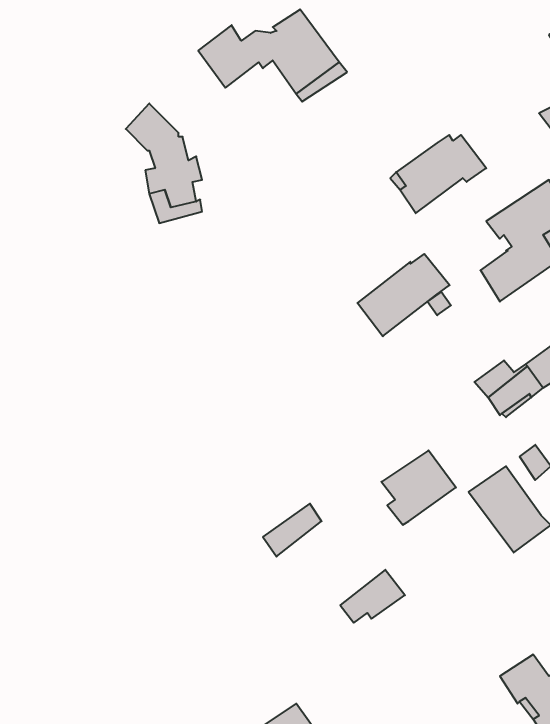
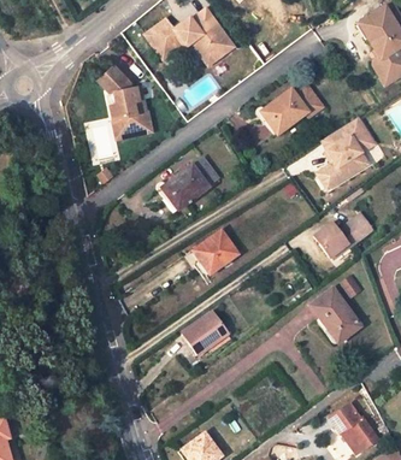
building: [357,254,450,336] -> [160,159,217,210]
building: [381,450,456,525] -> [191,231,237,277]
building: [340,570,405,623] -> [191,323,231,355]

